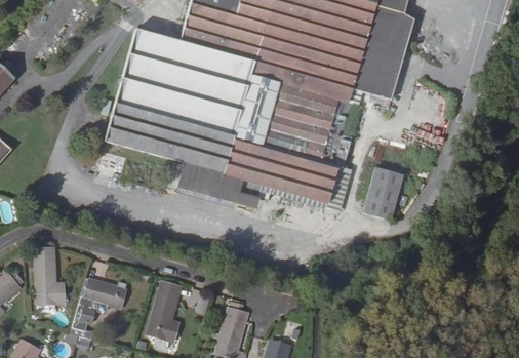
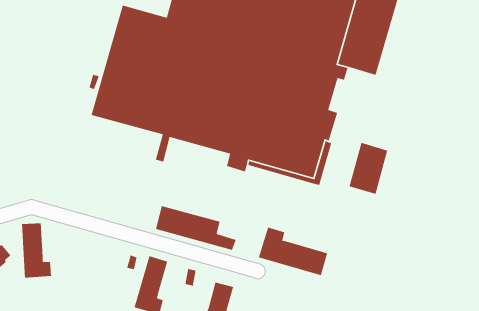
building: [177,162,260,208] -> [155,205,237,251]
building: none -> [258,227,328,276]
building: [72,278,126,330] -> none

